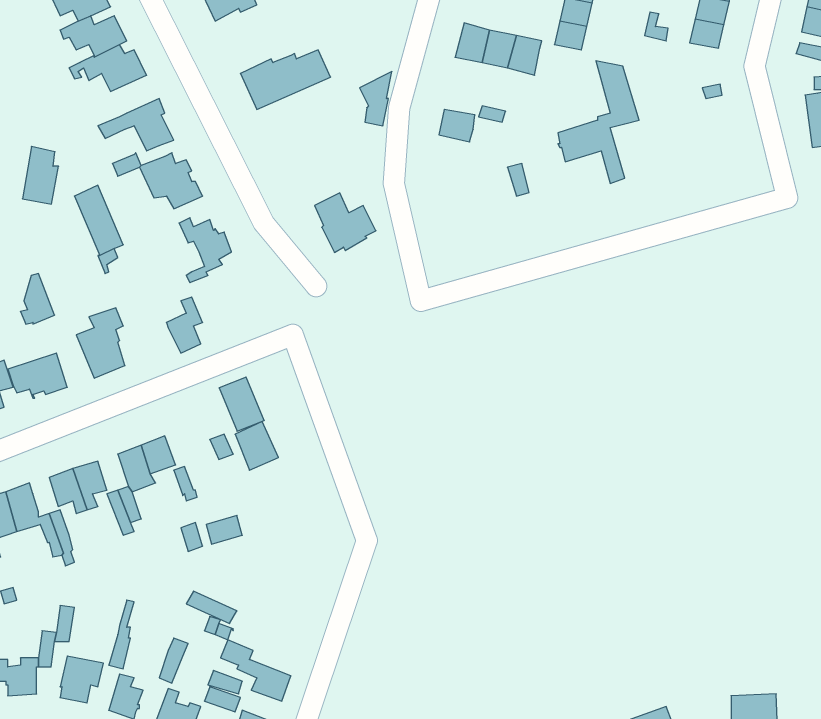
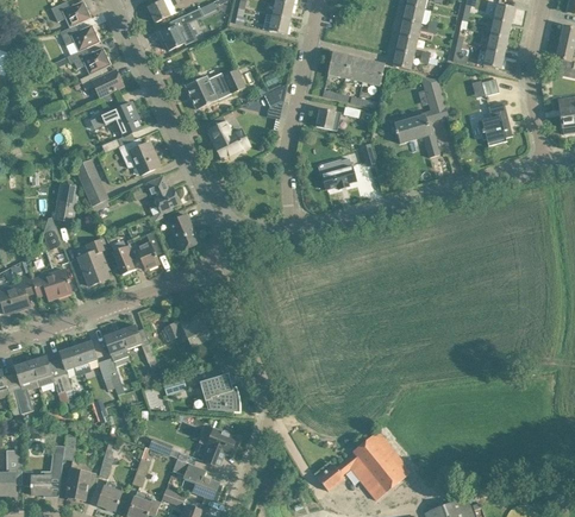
building: none -> [477,101,512,145]
building: [22,146,59,204] -> [54,183,77,221]
building: none -> [320,157,355,189]
building: [315,193,376,252] -> [208,120,249,159]
building: none -> [111,238,137,273]
building: [219,377,264,431] -> [168,214,198,250]
building: none -> [192,372,239,411]
building: none -> [199,427,236,466]
building: none -> [315,430,411,499]

